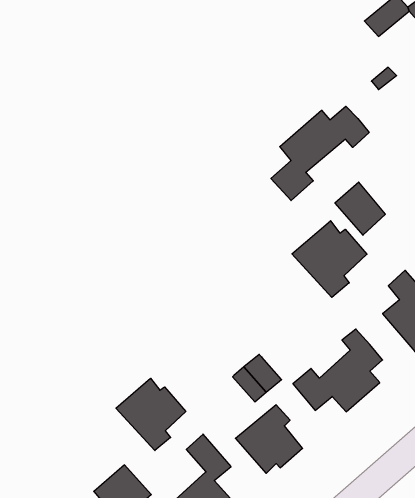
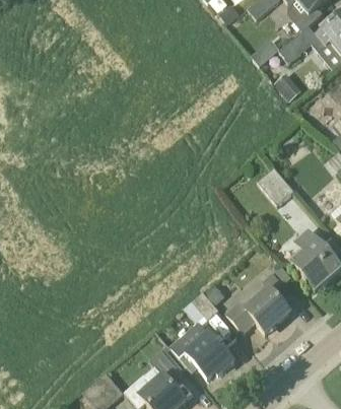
building: [271,106,369,201] -> none
building: [292,221,367,297] -> none
building: [116,378,186,451] -> none

